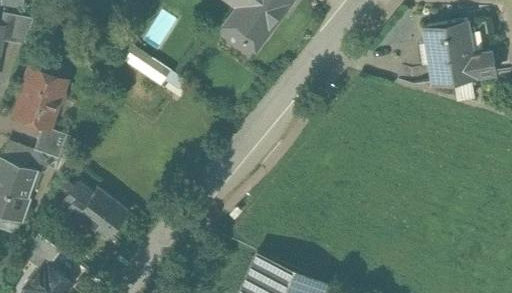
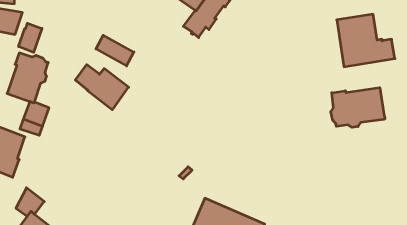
building: none -> [19,23,42,52]
building: none -> [331,88,385,127]
building: [62,184,128,240] -> [75,65,129,110]

